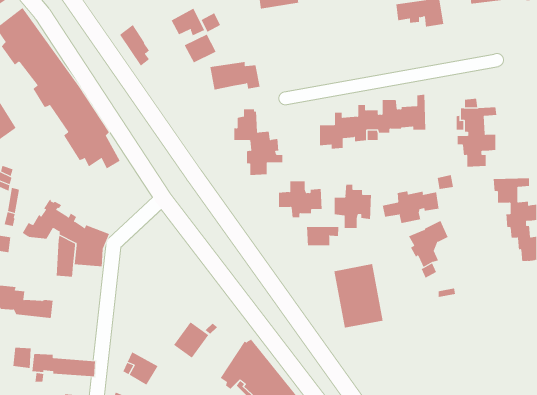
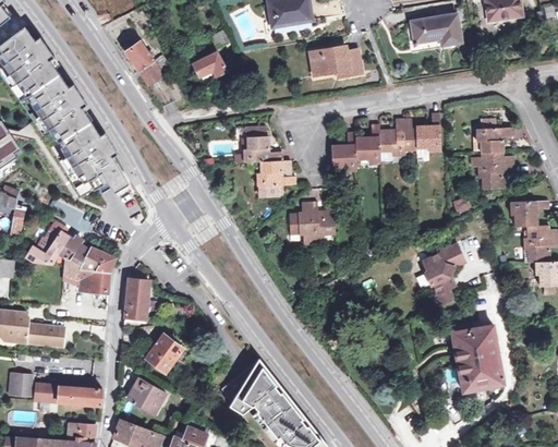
building: [171,8,205,36] -> none
building: [210,62,260,90] -> [308,46,361,75]
building: [334,184,371,229] -> none
building: [382,190,439,224] -> none
building: [306,226,339,246] -> none
building: none -> [126,279,150,318]
building: [334,264,383,328] -> [452,324,504,390]
building: [173,321,209,358] -> [146,334,183,372]

